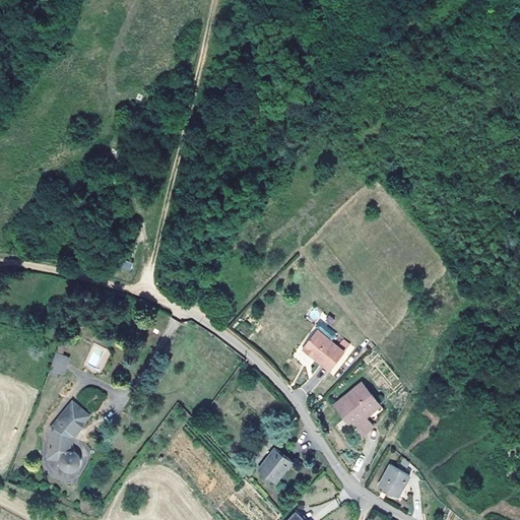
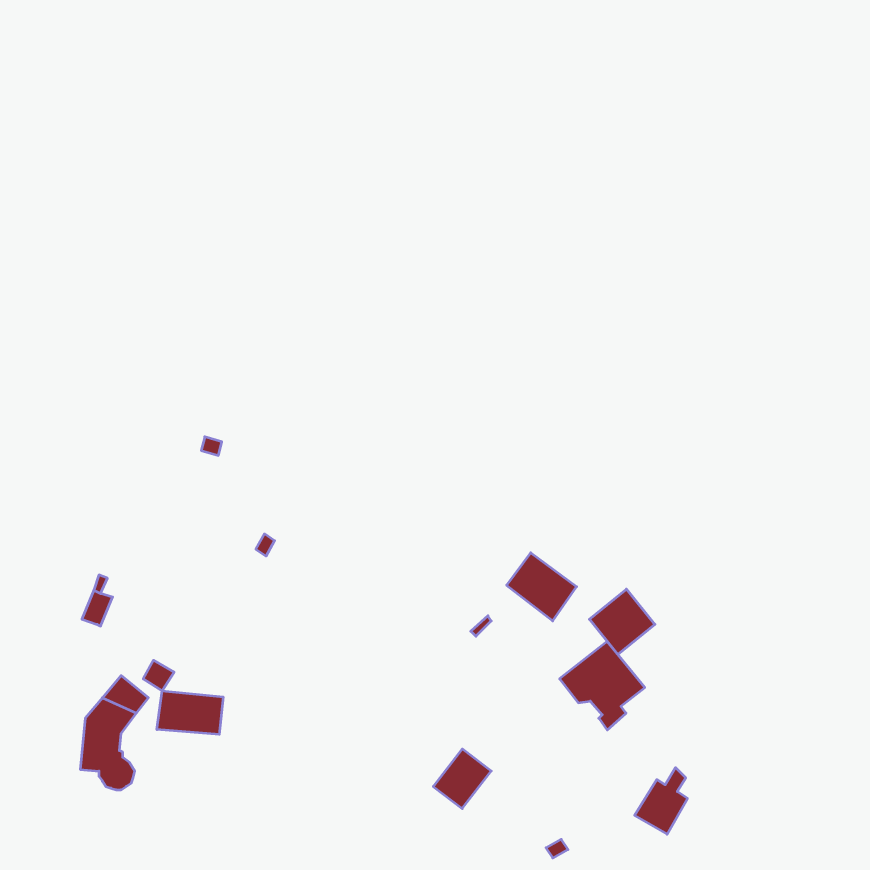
building: none -> [589,589,655,655]
building: none -> [157,691,223,734]

